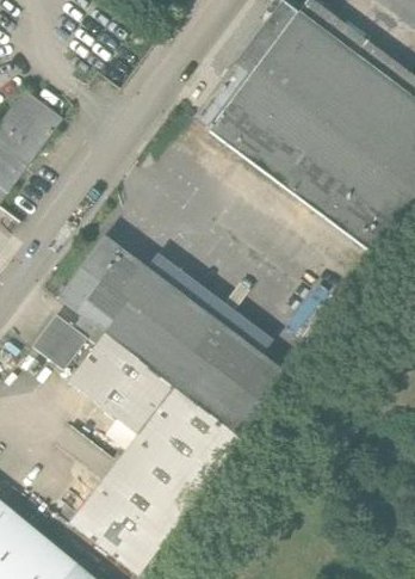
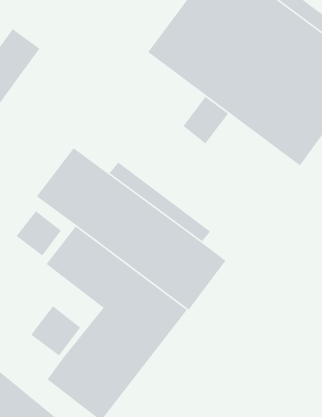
building: none -> [183,96,229,144]
building: none -> [30,305,81,357]

